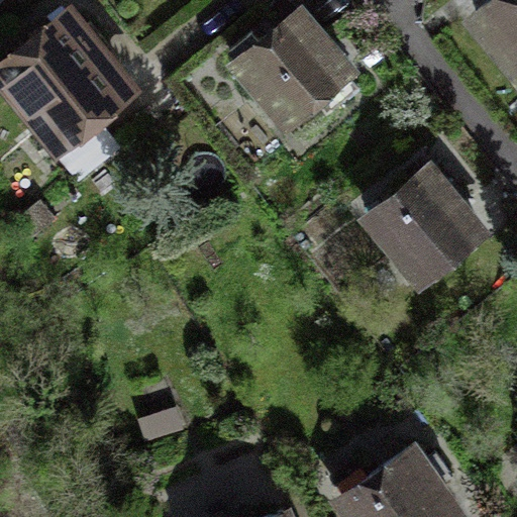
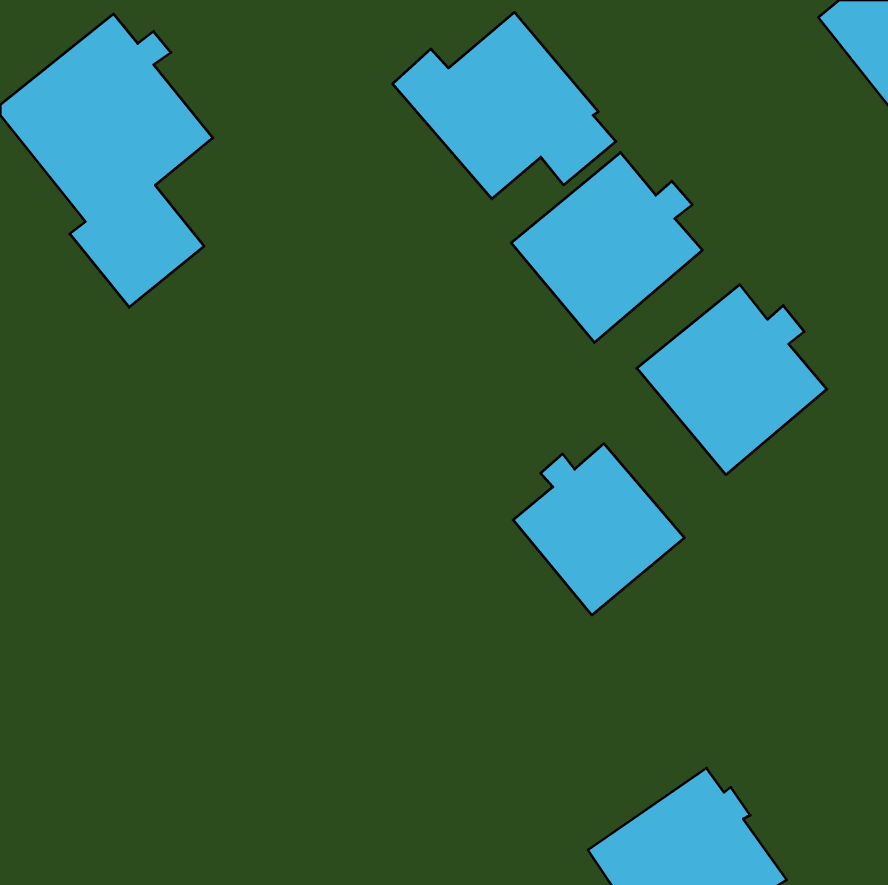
building: none -> [511,152,702,343]
building: none -> [513,444,684,615]

